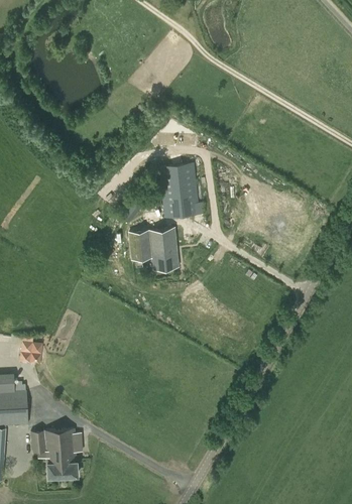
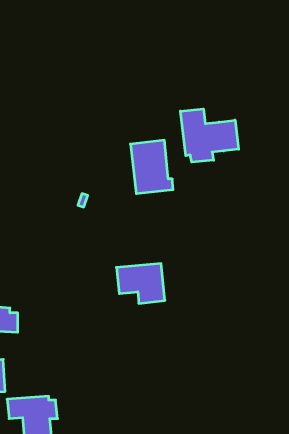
building: none -> [180,109,239,162]
building: [128,229,179,270] -> [116,264,165,303]

